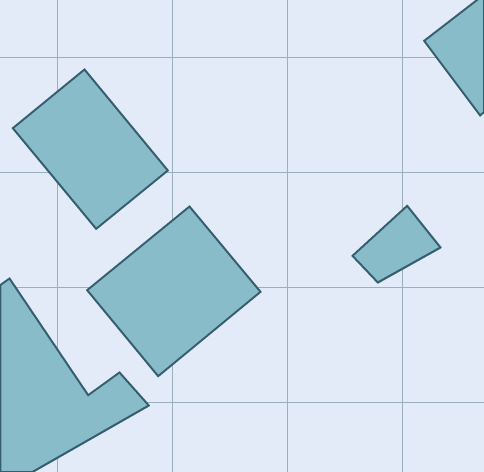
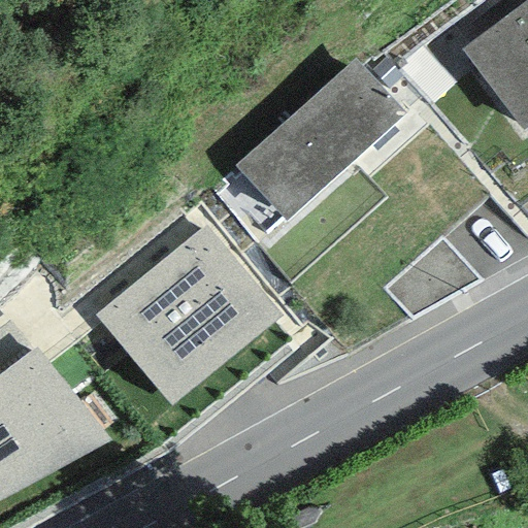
building: none -> [234,56,404,218]
building: [13,69,168,229] -> none

